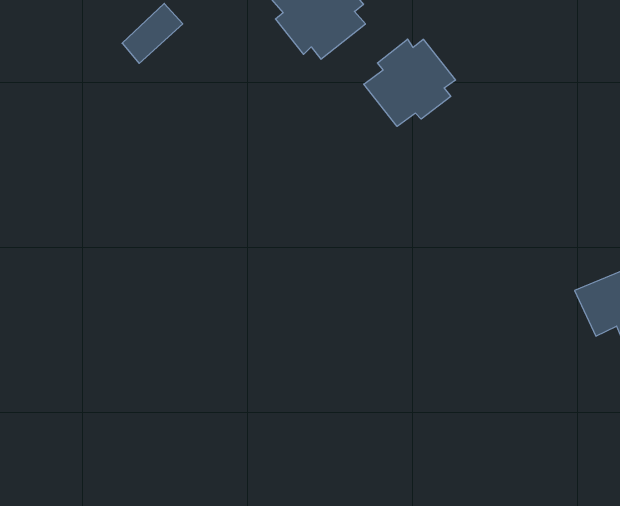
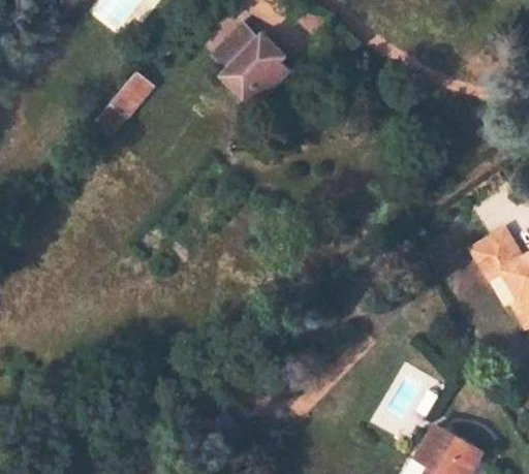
building: [364,39,456,126] -> none

